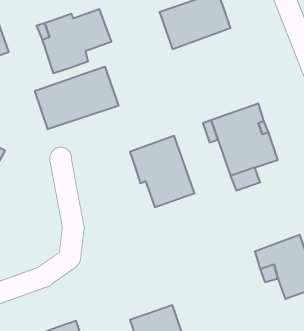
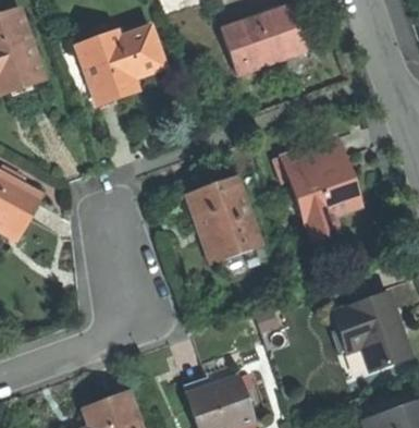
building: [35,67,118,129] -> none

